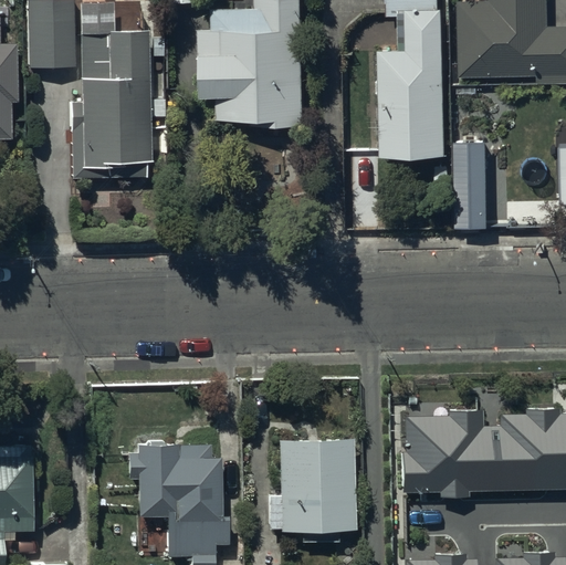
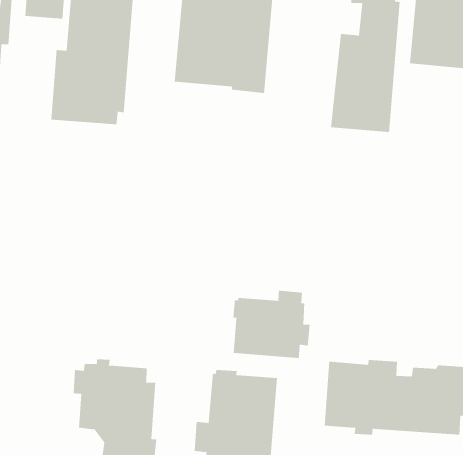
building: [454,143,486,226] -> none
building: none -> [233,290,310,359]

